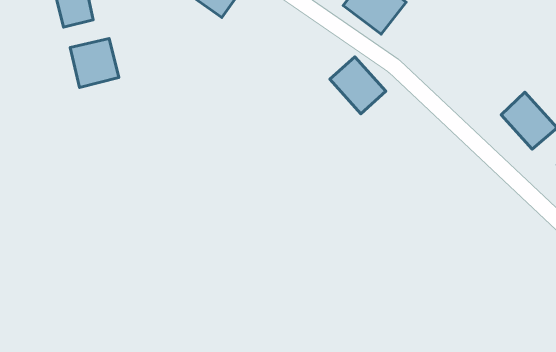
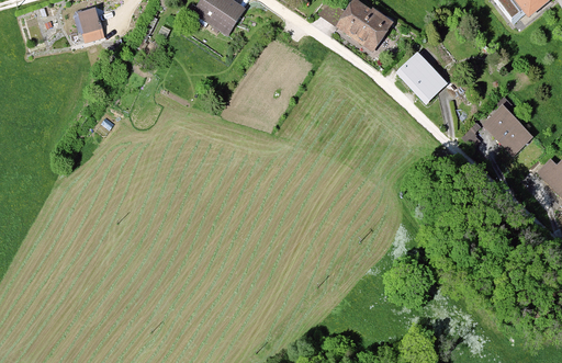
building: [70,38,119,87] -> none
building: [330,57,386,114] -> [396,50,448,103]

